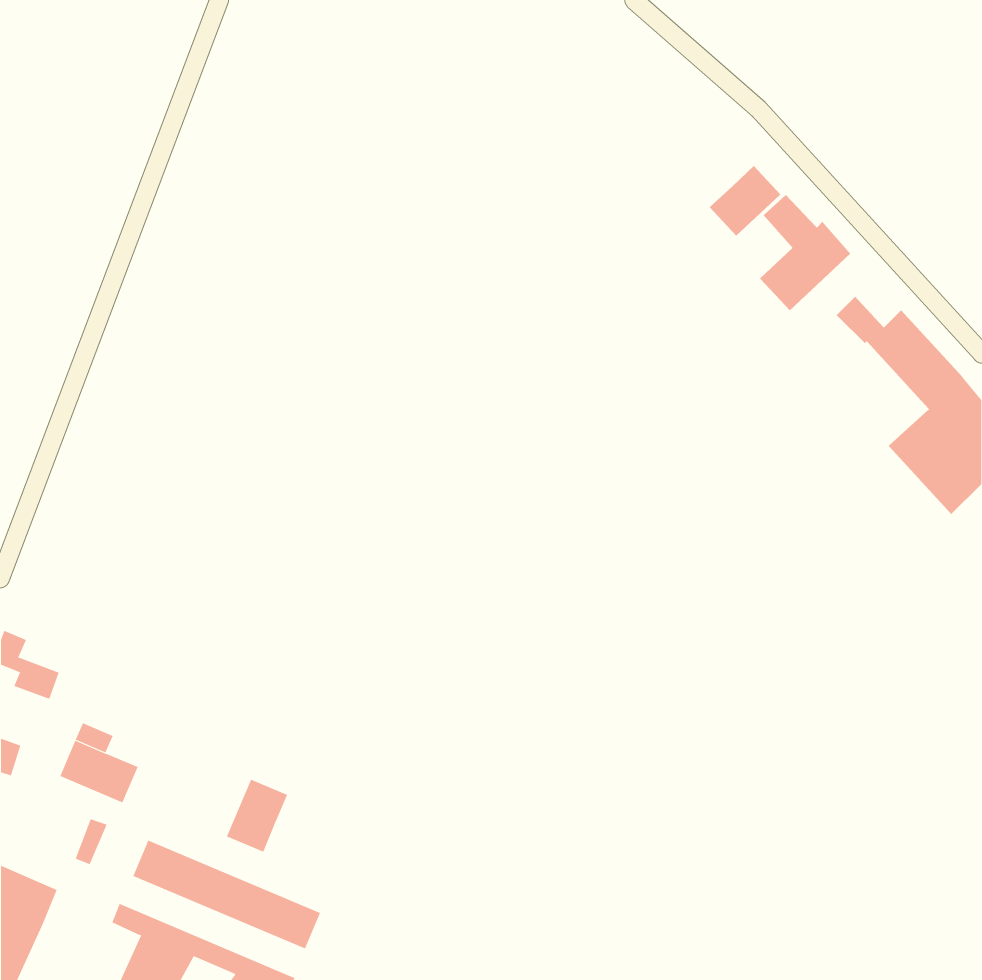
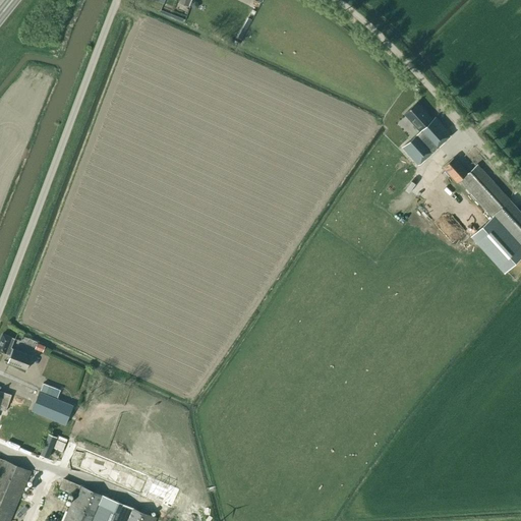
building: [709,165,781,237] -> none
building: [226,779,288,853] -> none

